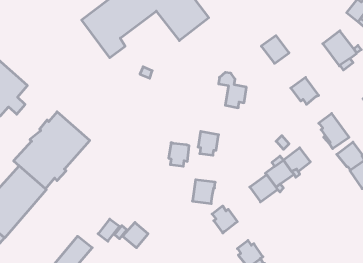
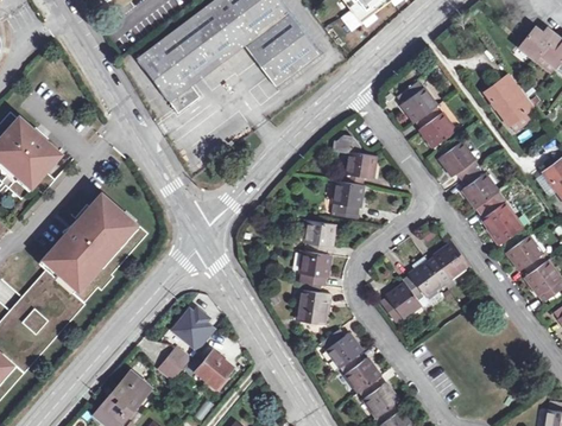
building: none -> [415,106,455,147]
building: none -> [461,169,497,208]
building: none -> [330,180,362,220]
building: [169,143,189,166] -> [299,250,329,285]
building: none -> [172,306,214,349]
building: none -> [342,352,380,392]

